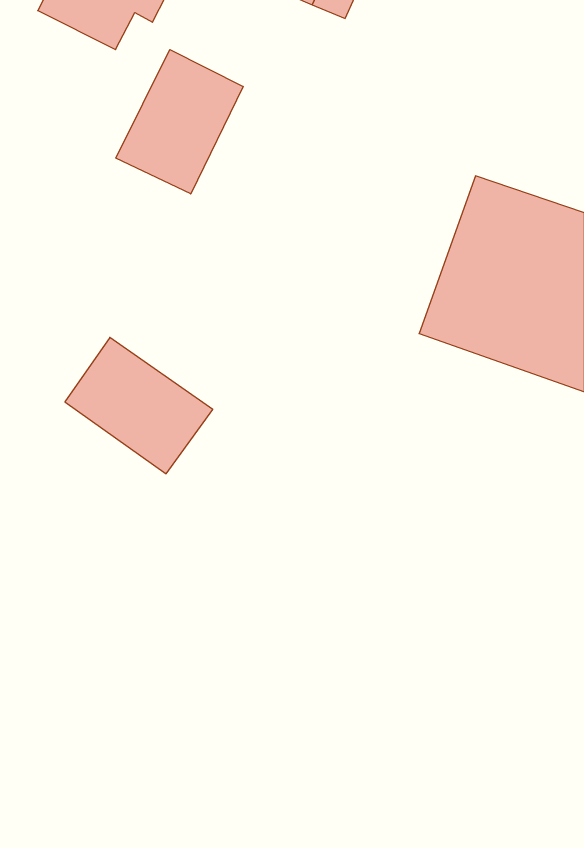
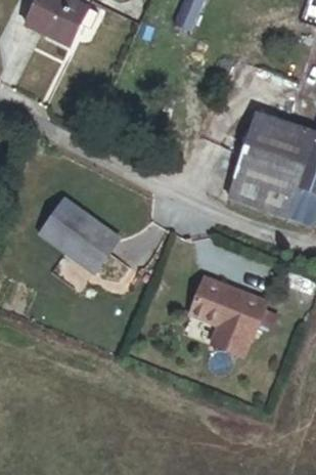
building: [116,50,243,194] -> none
building: none -> [194,285,270,357]

